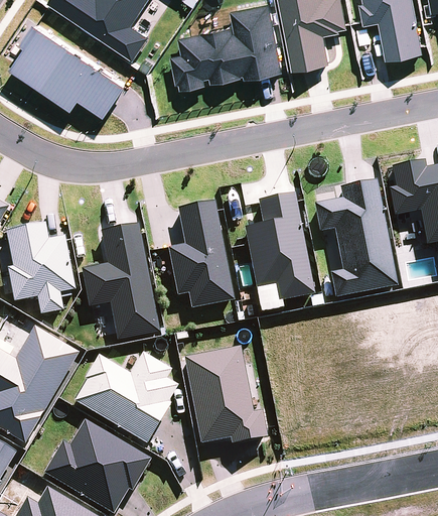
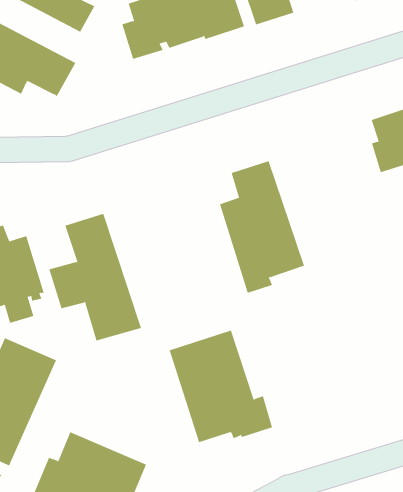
building: [313,180,397,297] -> none
building: [167,201,235,308] -> none
building: [74,352,178,444] -> none

